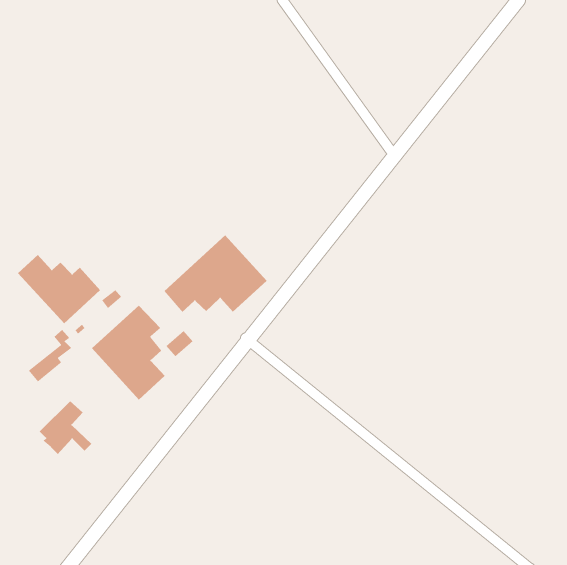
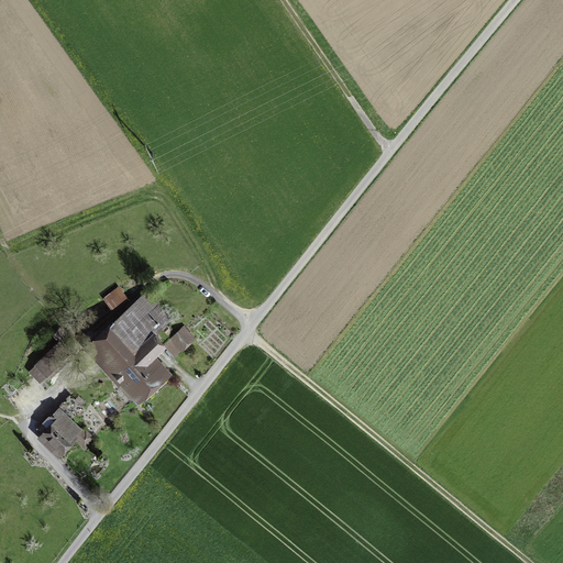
building: [164,235,268,313] -> none
building: [17,254,101,324] -> none

